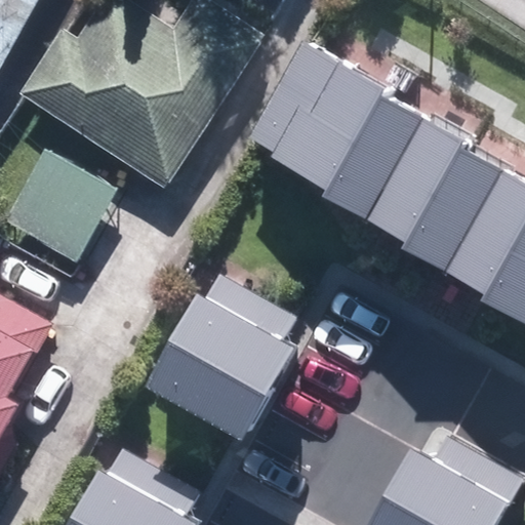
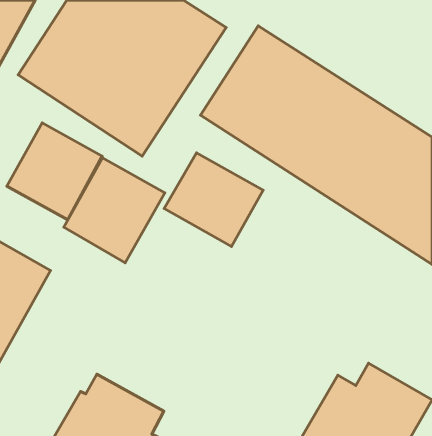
building: none -> [164,153,263,247]
building: none -> [64,158,165,263]
building: [138,276,290,444] -> none

